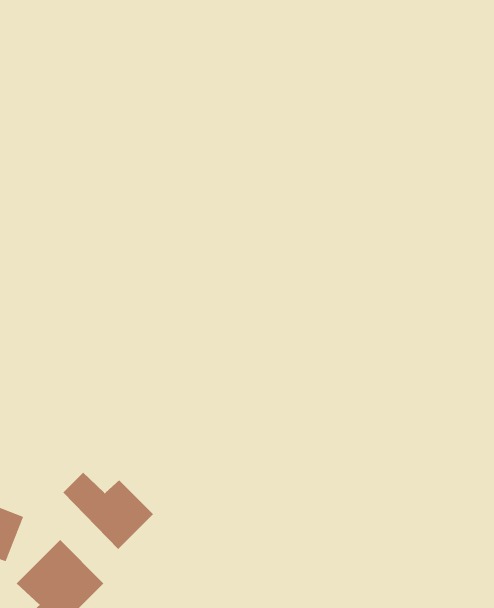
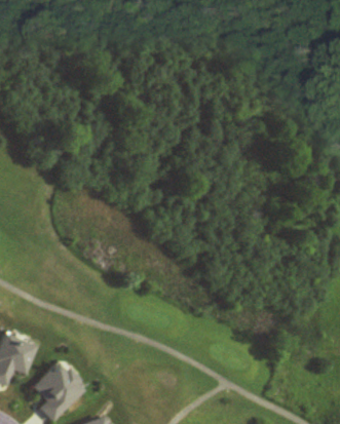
building: [62,472,154,550] -> none

